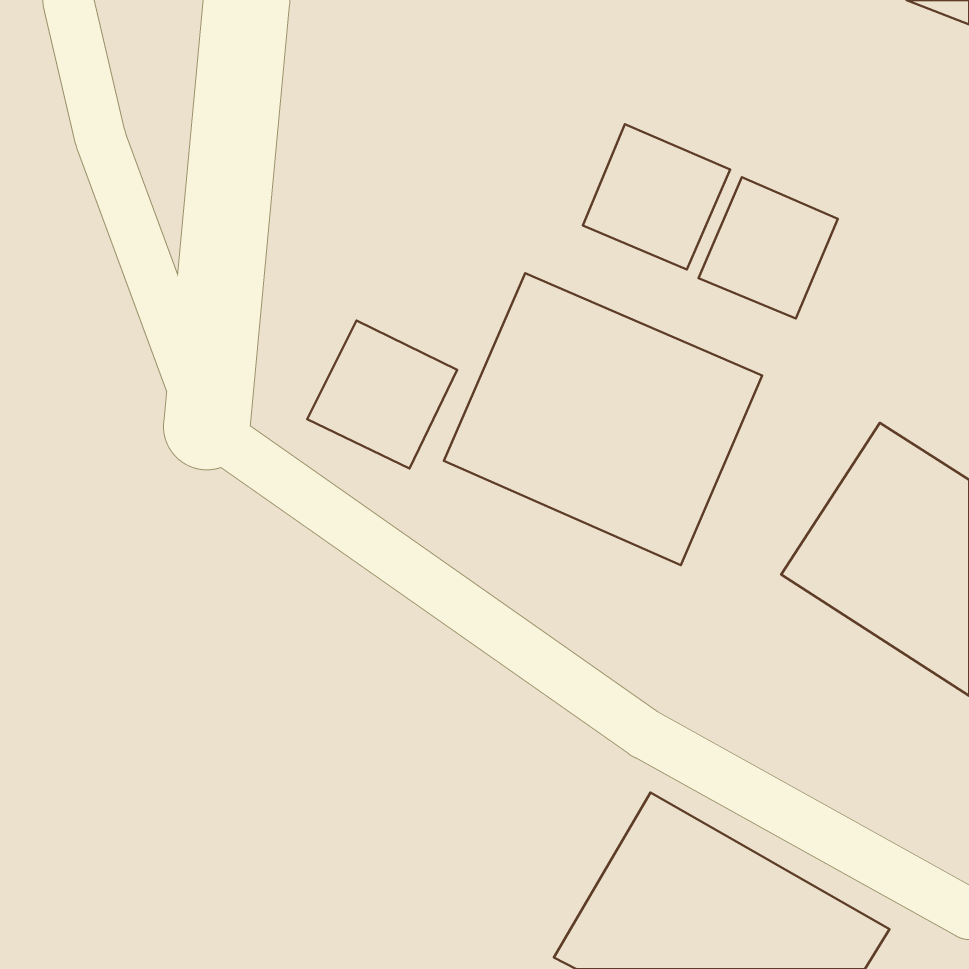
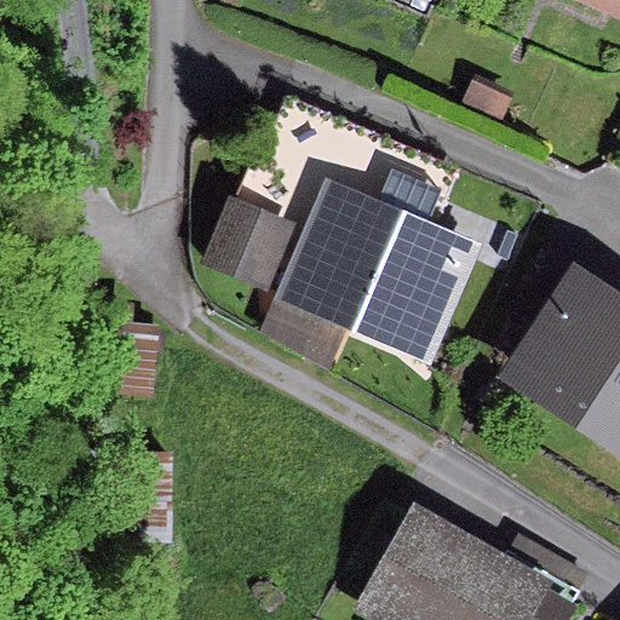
building: [583,124,730,269] -> none
building: [698,177,838,319] -> none

